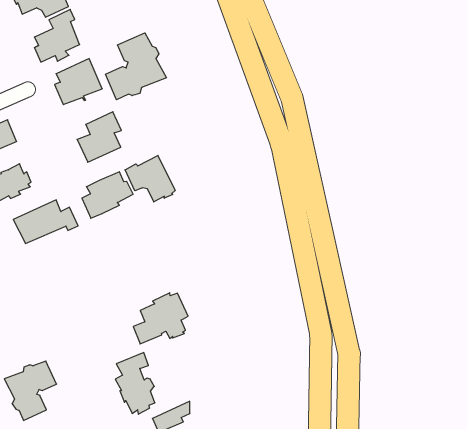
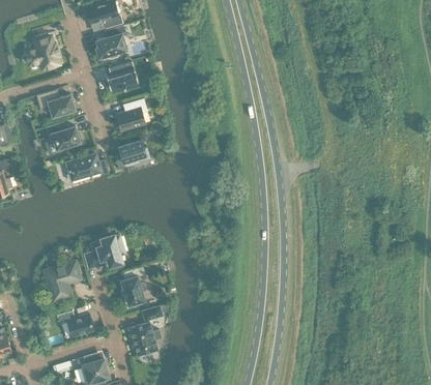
building: [105,33,166,100] -> none
building: [125,155,175,202] -> none
building: [133,293,188,344] -> [86,236,124,268]

